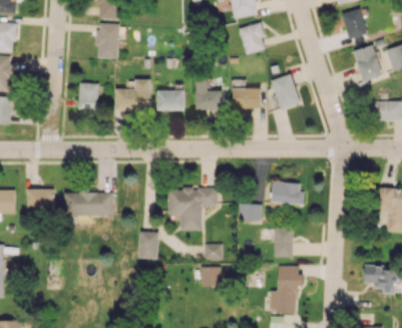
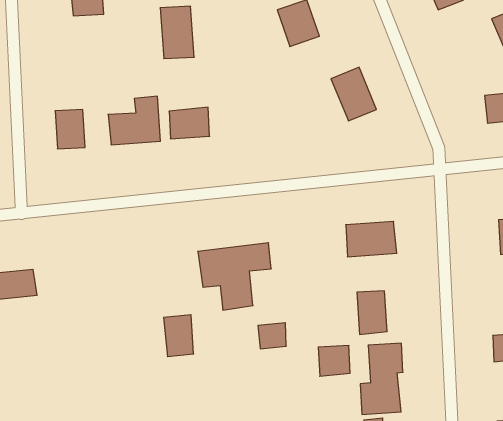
building: [96,23,118,59] -> [160,6,194,59]
building: [353,45,382,82] -> none
building: [195,78,224,109] -> none
building: [233,88,261,108] -> none
building: [63,192,112,215] -> none
building: [239,204,261,221] -> none
building: [199,266,222,286] -> [318,346,350,376]

